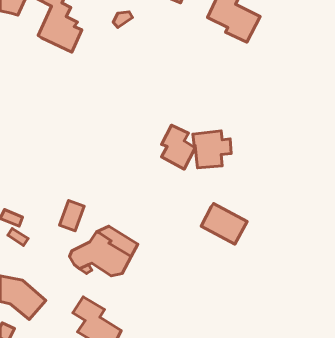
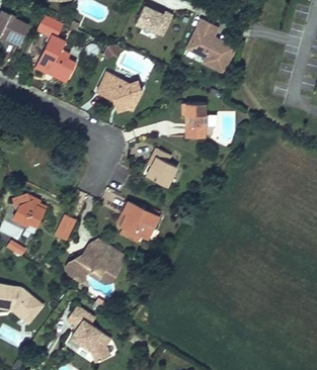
building: none -> [96,72,144,113]
building: [193,131,231,168] -> [180,103,215,136]
building: none -> [11,194,48,228]
building: [201,204,247,244] -> [116,201,158,238]

